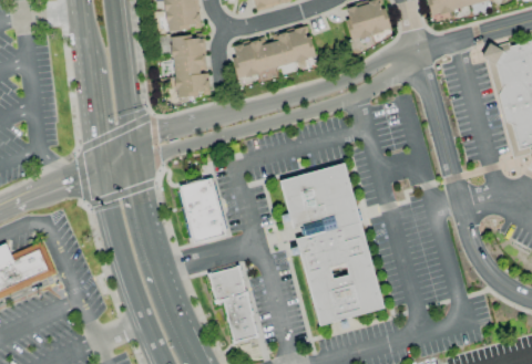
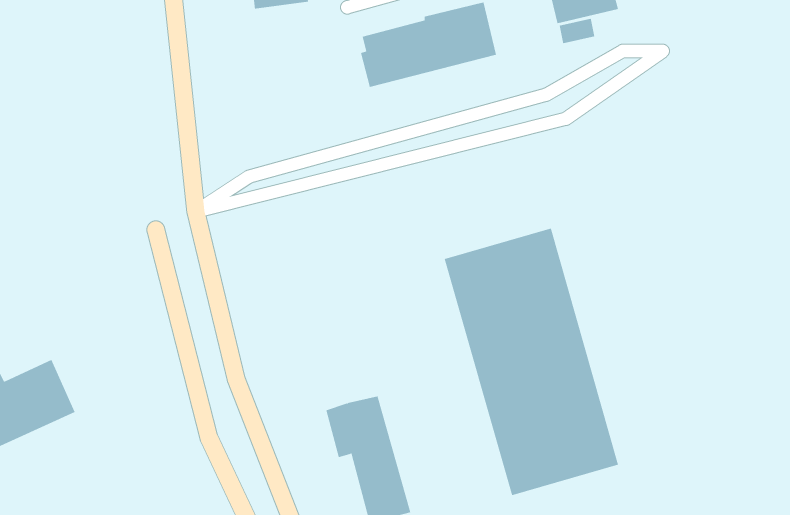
building: [168,37,207,98] -> none
building: [185,179,232,247] -> none

